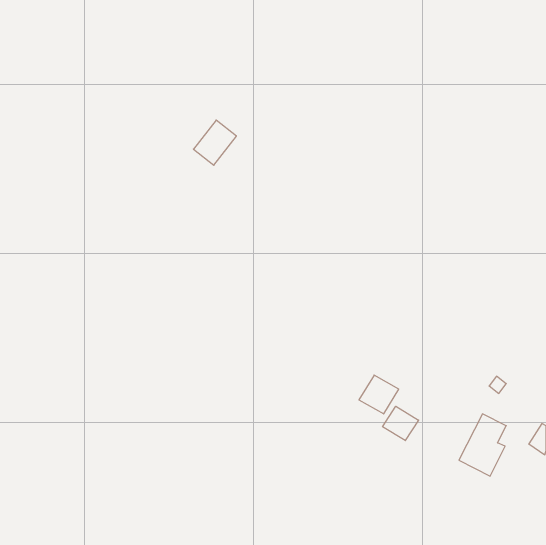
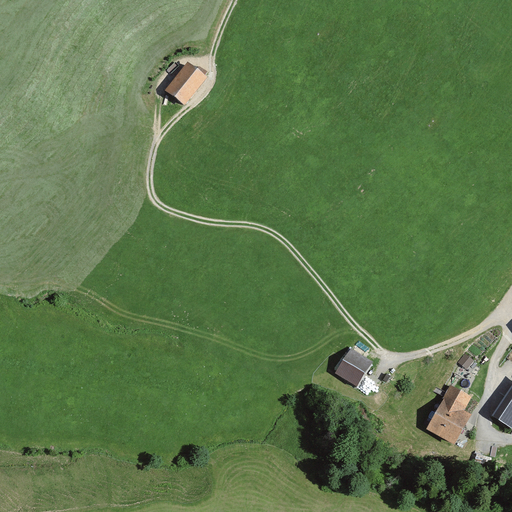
building: [193,120,236,165] -> [165,63,205,105]
building: [383,406,419,441] -> none

